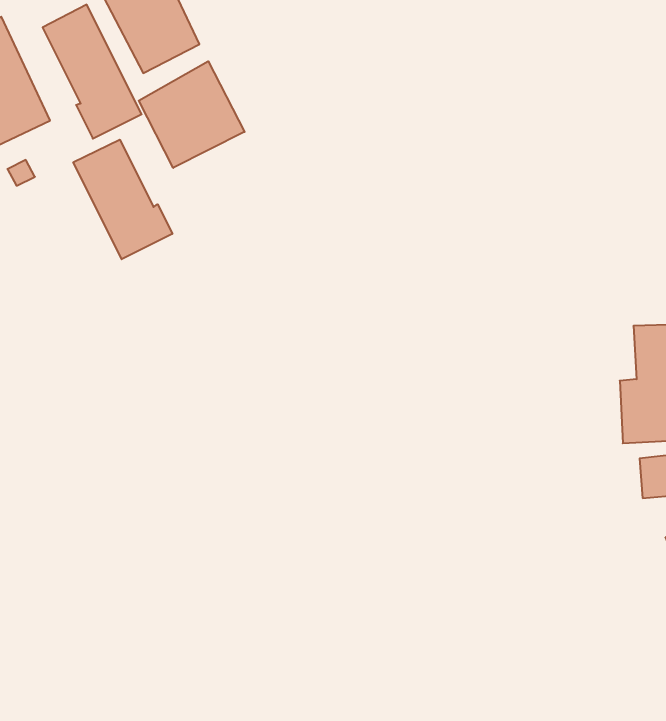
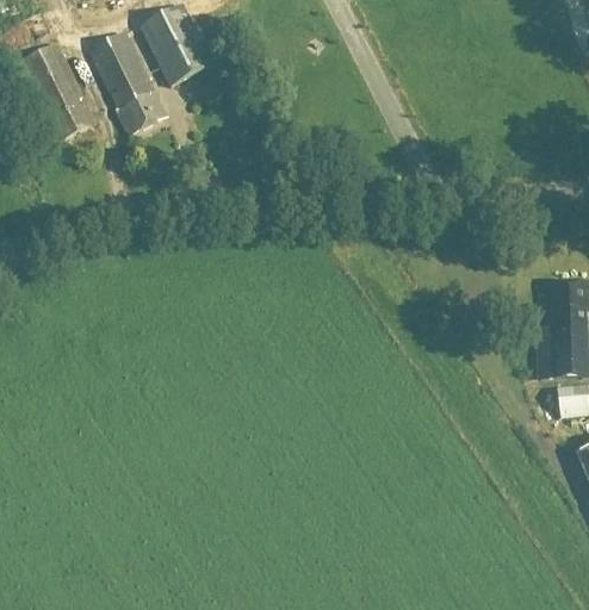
building: [139,61,245,168] -> none
building: [73,140,172,259] -> none

